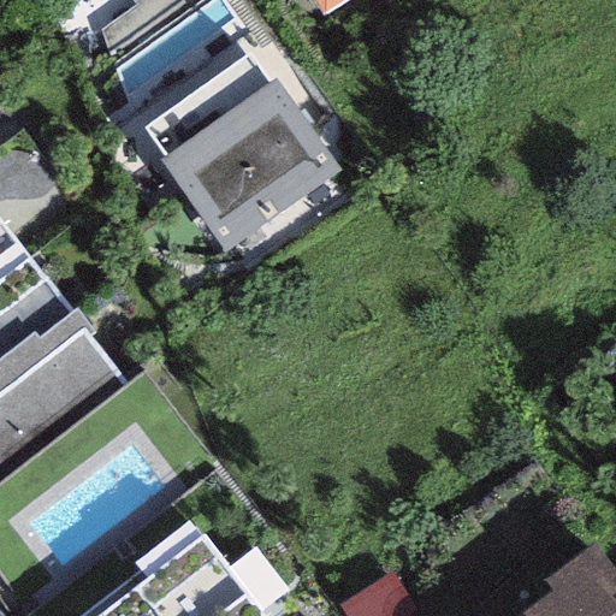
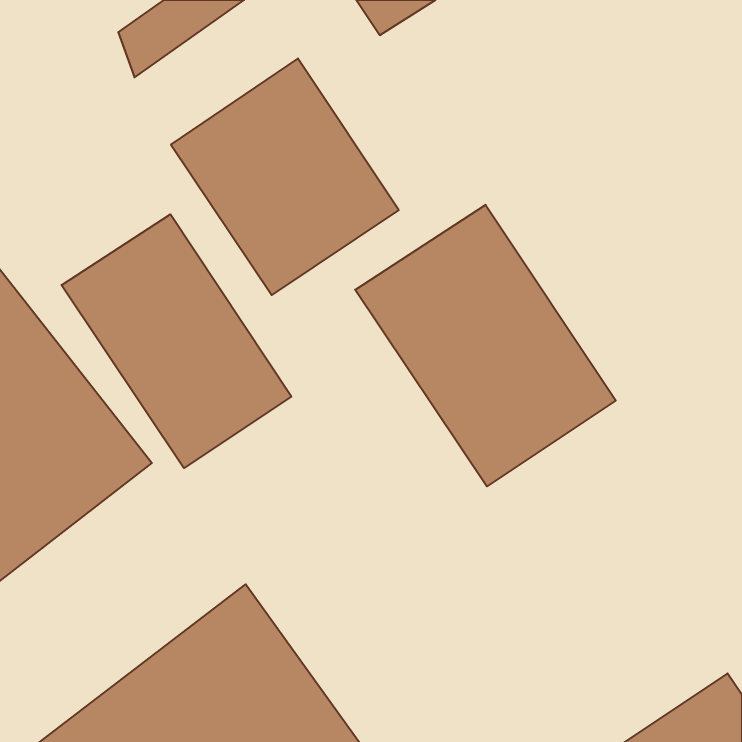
building: none -> [355,205,616,486]
building: none -> [61,214,291,468]

